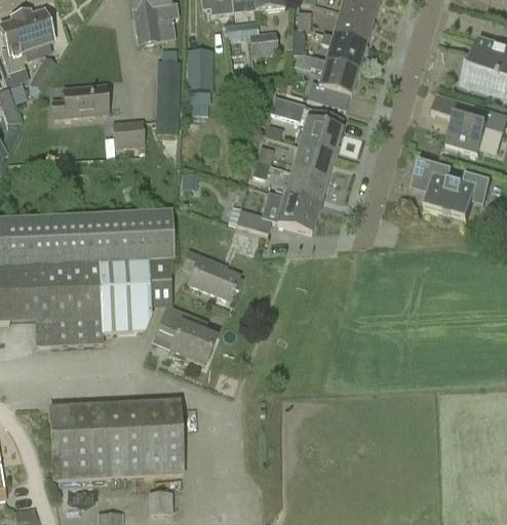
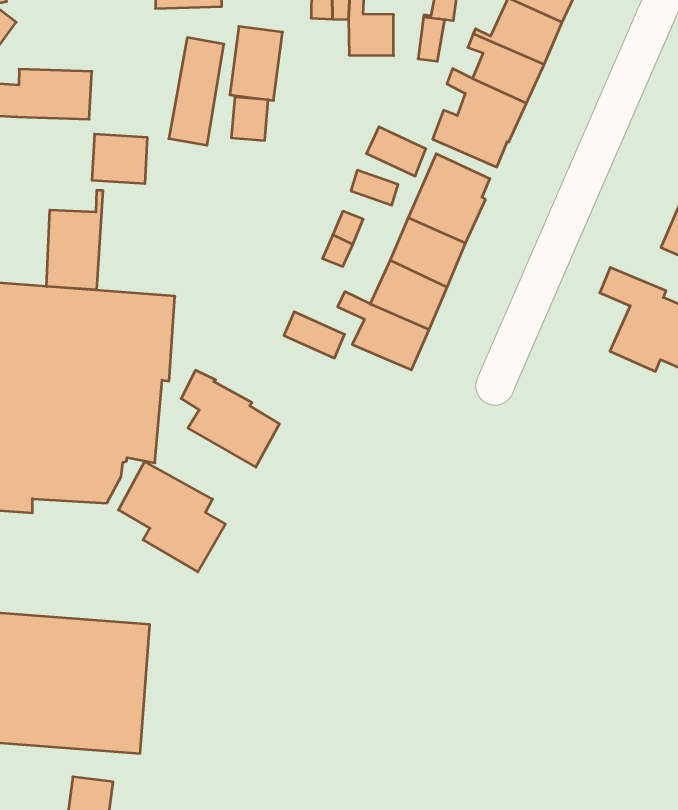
building: none -> [47,190,103,290]

